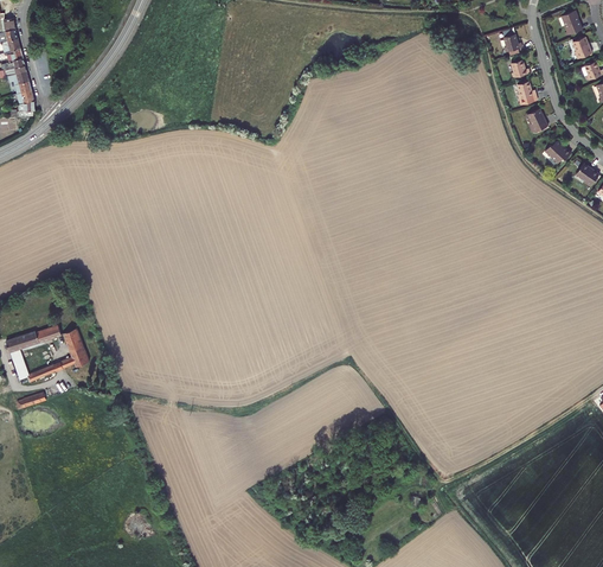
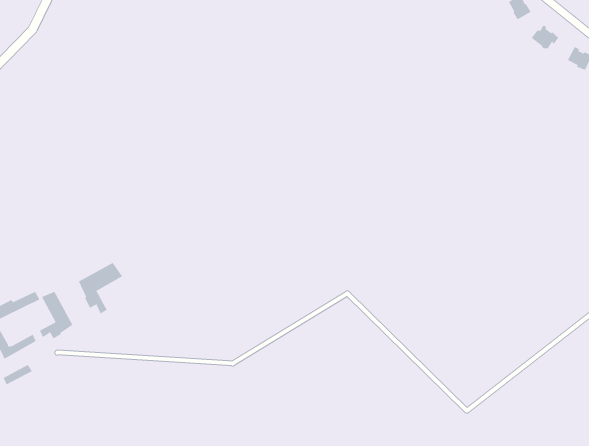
building: none -> [78,262,123,315]

